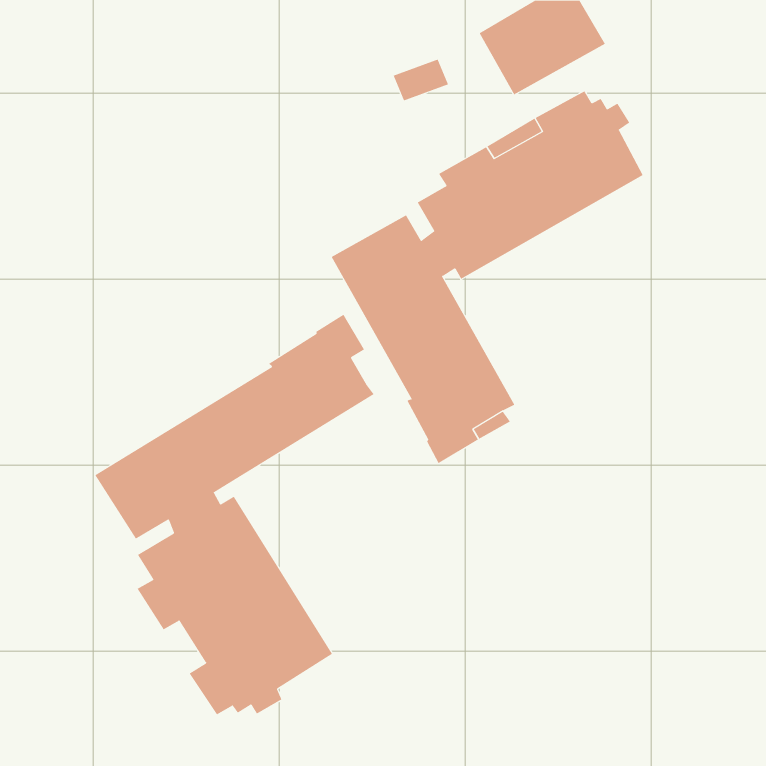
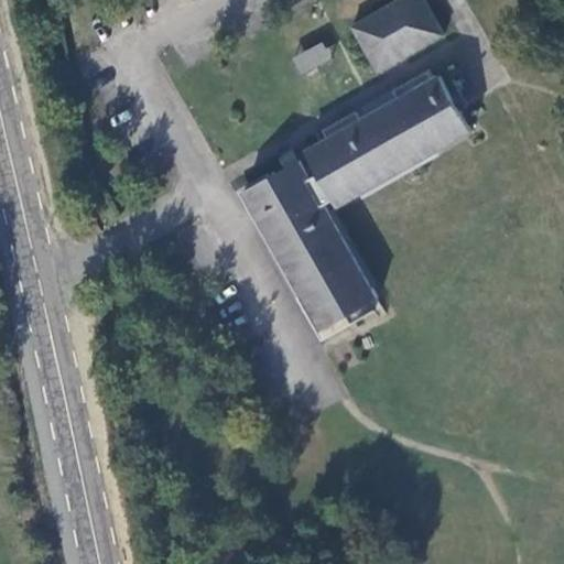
building: [94,314,374,715] -> none

